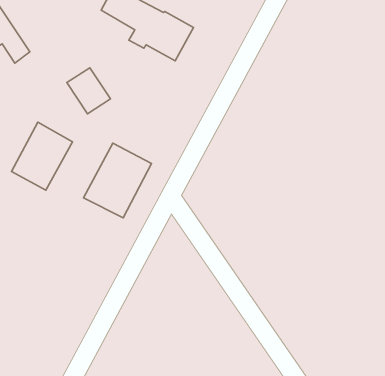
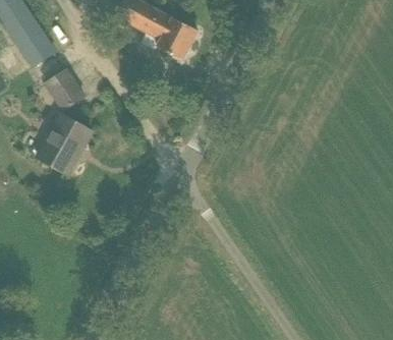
building: [67,68,111,114] -> [46,69,85,110]
building: [84,143,151,218] -> none

